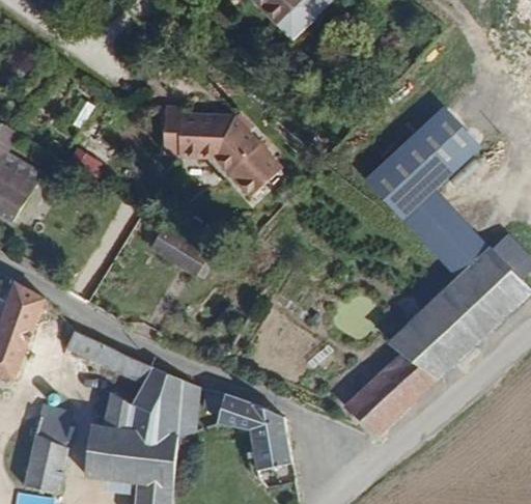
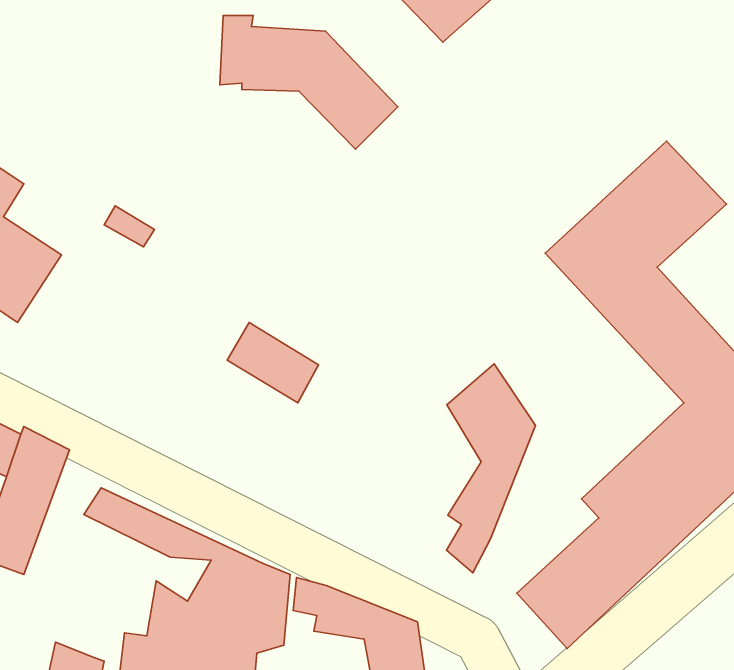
building: [166,106,283,194] -> [220,15,398,149]
building: none -> [447,364,535,573]
building: [39,401,75,443] -> none

